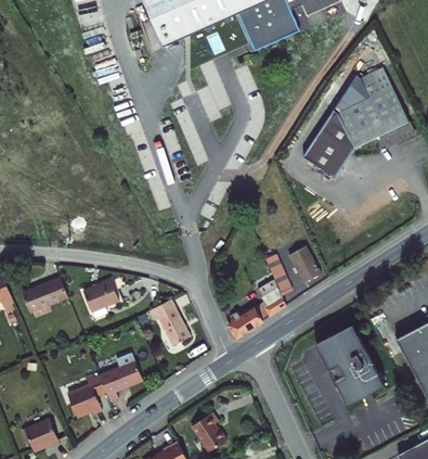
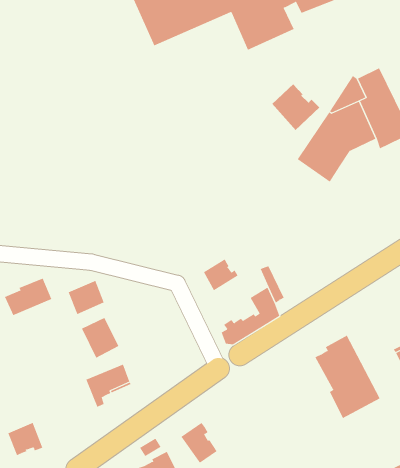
building: none -> [272,84,320,131]
building: [288,248,320,282] -> none
building: none -> [203,259,239,291]
building: [154,307,191,347] -> [81,317,119,359]
building: [66,380,101,413] -> none

